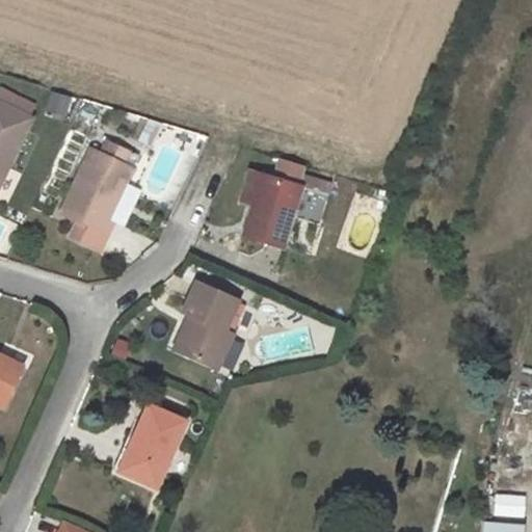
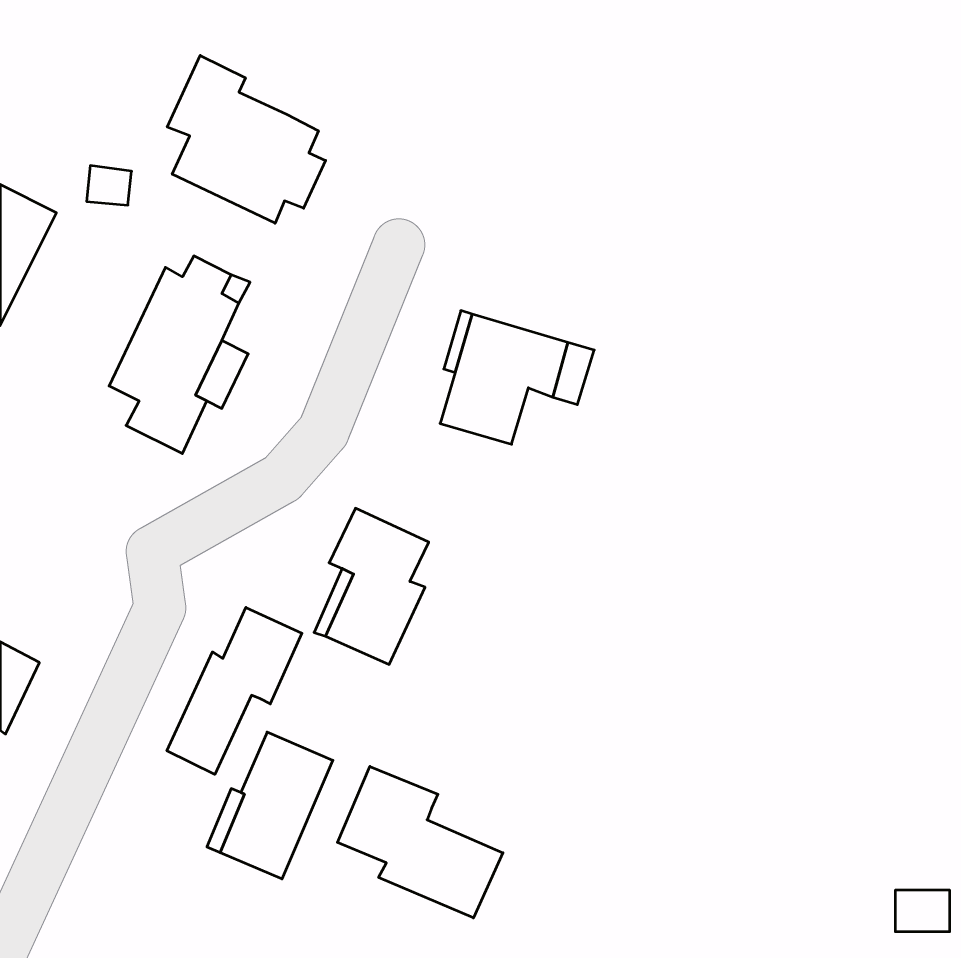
building: none -> [167,55,326,223]
building: none -> [167,607,302,774]
building: none -> [337,766,503,918]

